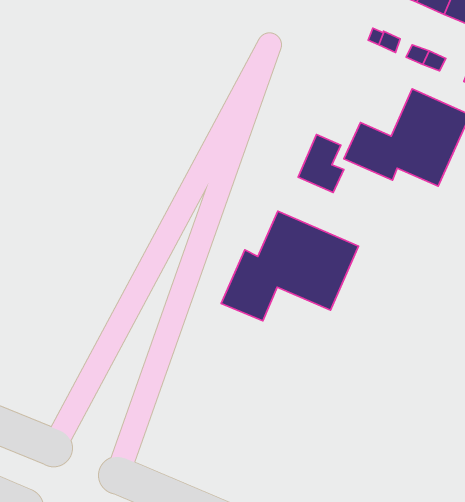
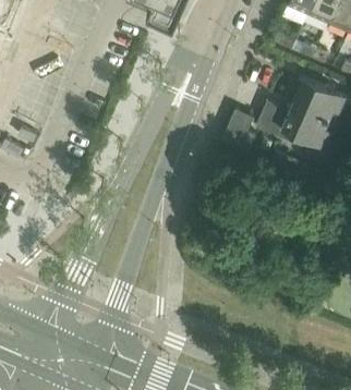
building: [221,211,358,321] -> none

